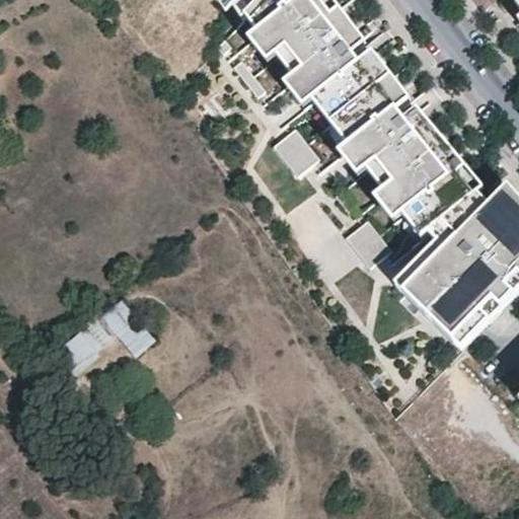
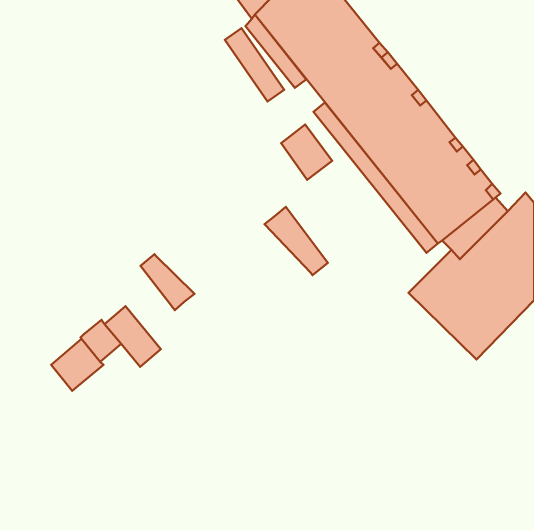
building: none -> [264,207,328,275]
building: none -> [140,254,194,310]

